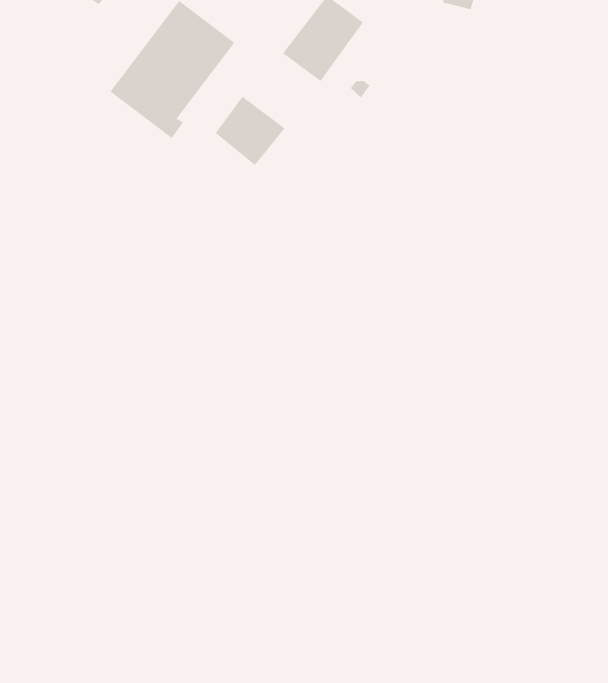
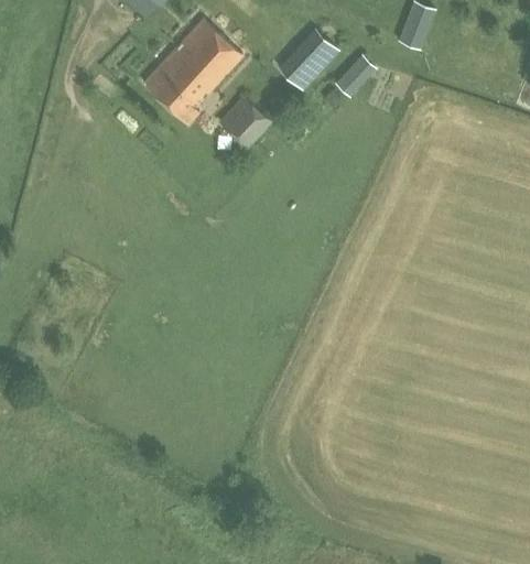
building: none -> [334,56,376,98]

